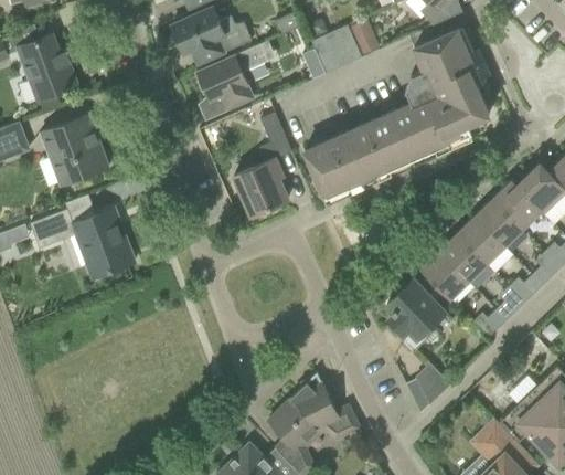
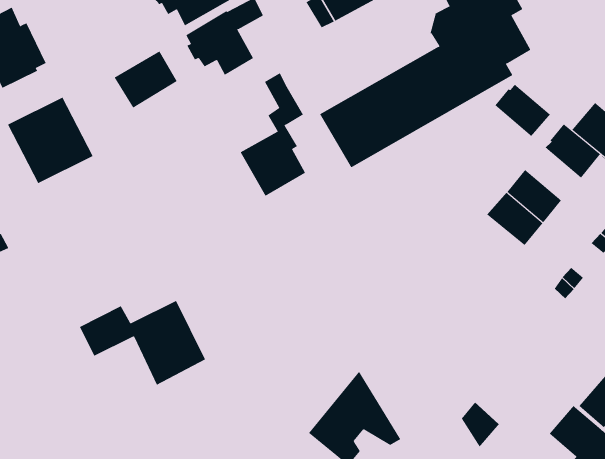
building: none -> [114,51,177,109]
building: [475,198,522,244] -> [495,84,551,137]
building: [30,208,135,278] -> [79,300,206,385]
building: [422,250,468,297] -> none
building: [385,279,445,350] -> none
building: [417,363,450,403] -> [461,401,500,448]

